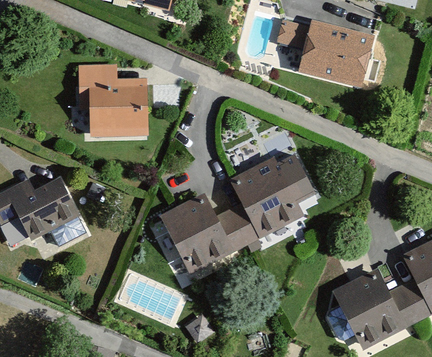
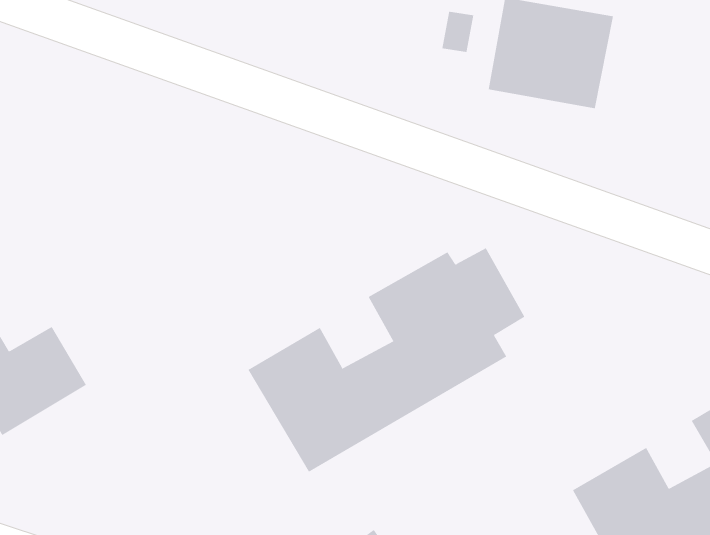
building: [77,69,141,138] -> none

